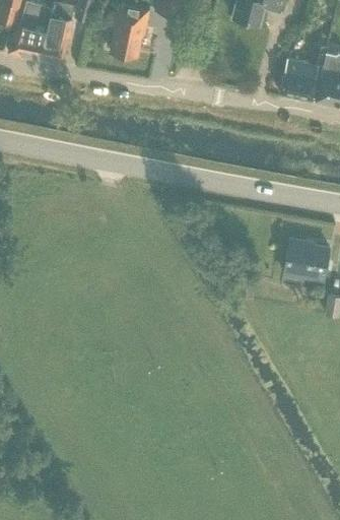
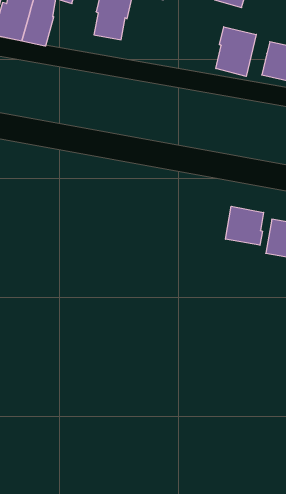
building: none -> [216,27,256,76]
building: none -> [226,206,264,245]

